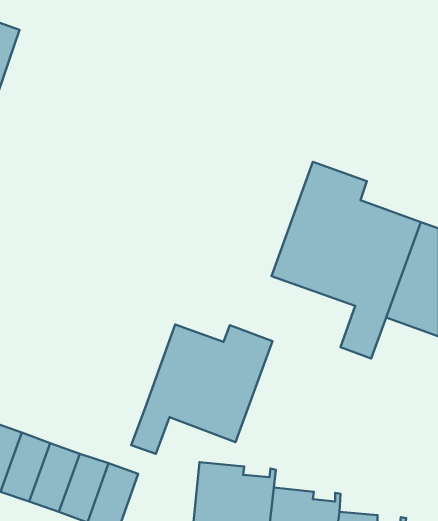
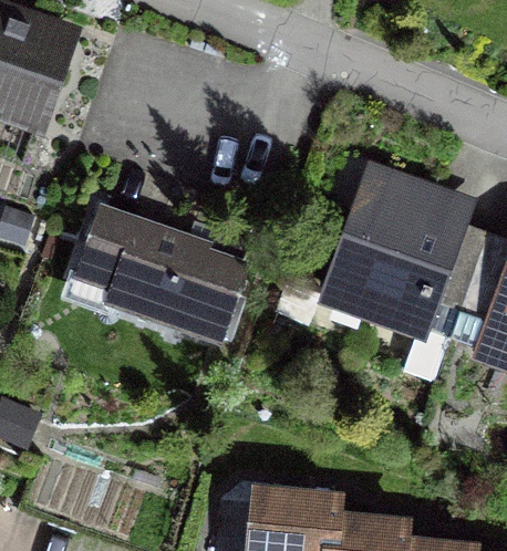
building: none -> [61,204,241,341]
building: [131,324,273,454] -> none

